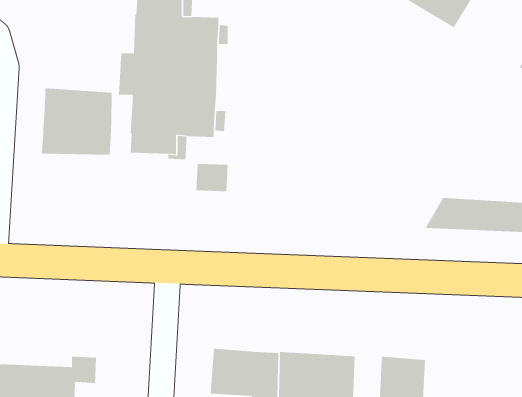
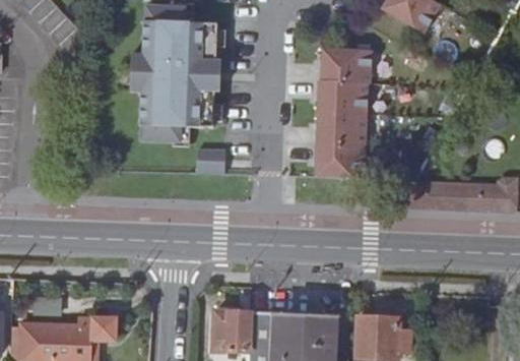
building: none -> [314,51,372,180]
building: [41,87,112,156] -> none

